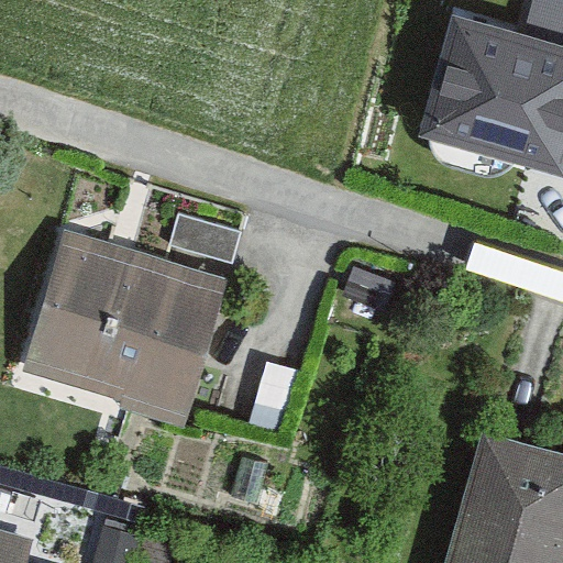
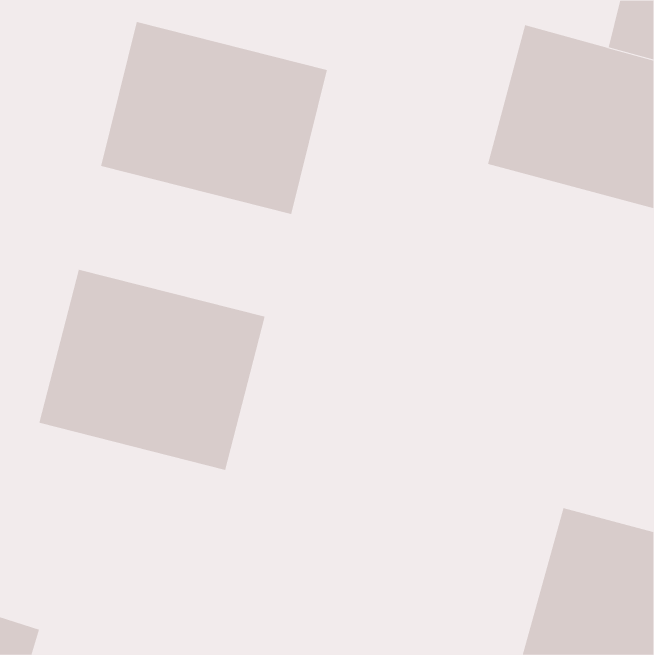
building: none -> [101,21,327,215]

